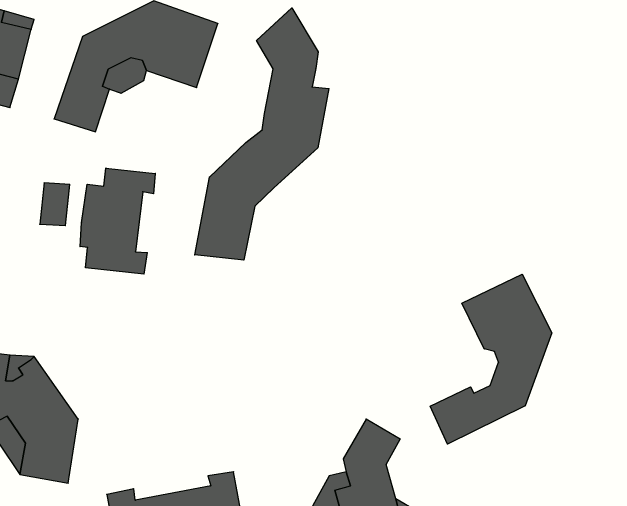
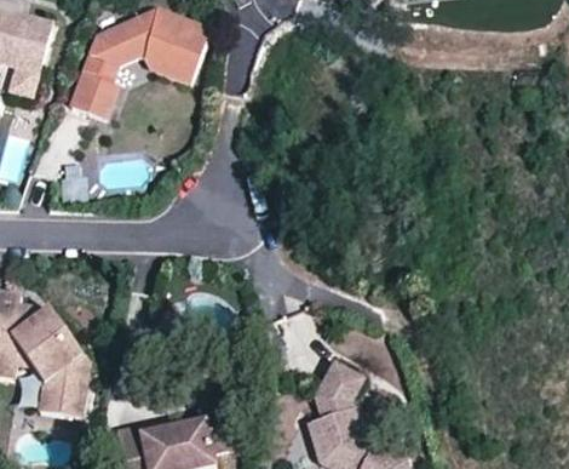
building: [195,8,329,260] -> none
building: [80,168,155,274] -> none
building: [430,274,552,444] -> none

